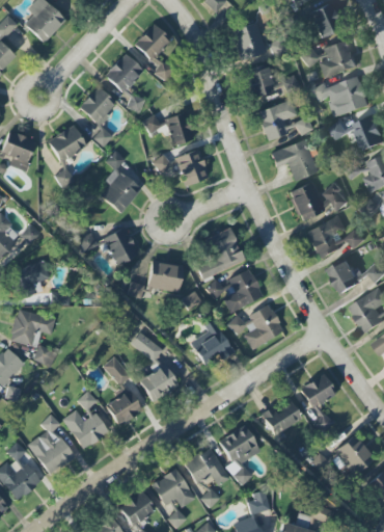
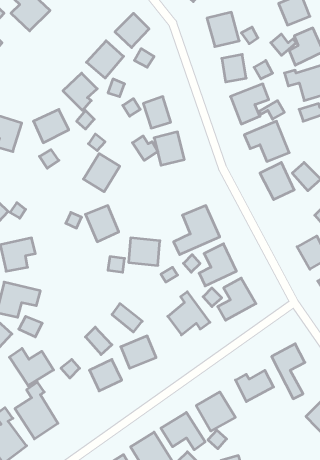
building: [305,215,346,260] -> none
building: [62,409,109,449] -> [9,348,54,386]

